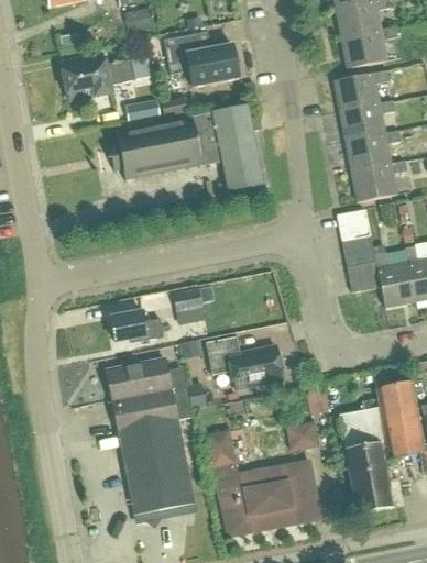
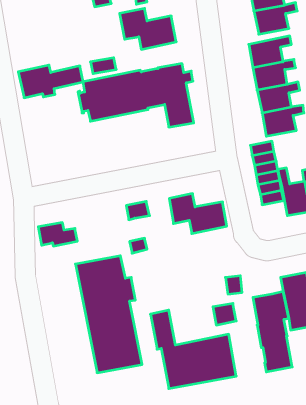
building: [63,54,149,97] -> [18,65,83,98]
building: [111,311,163,342] -> [38,223,77,246]
building: [206,334,282,387] -> [169,194,227,234]

